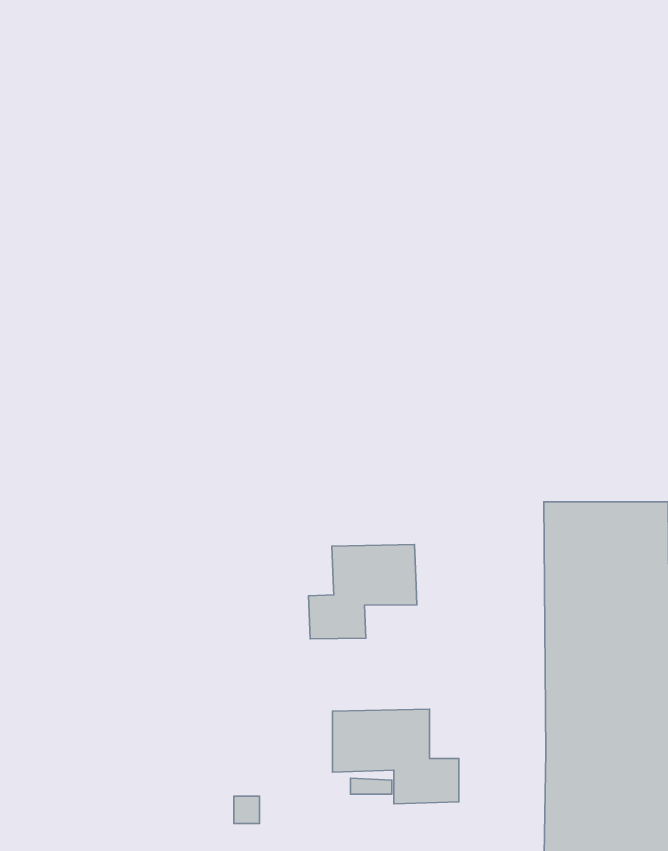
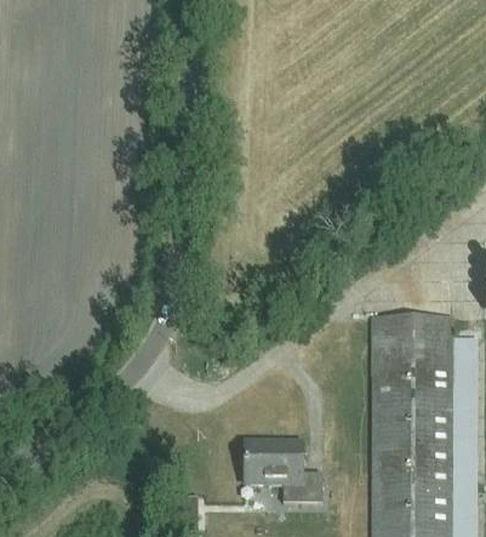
building: [309,544,417,639] -> none

